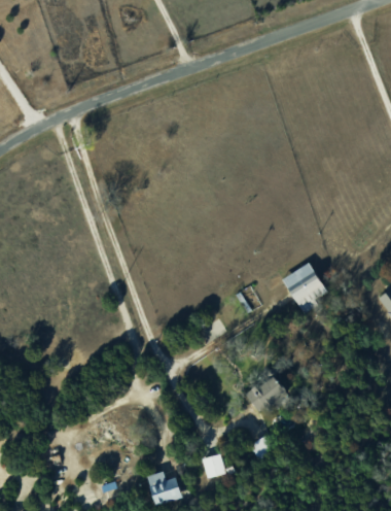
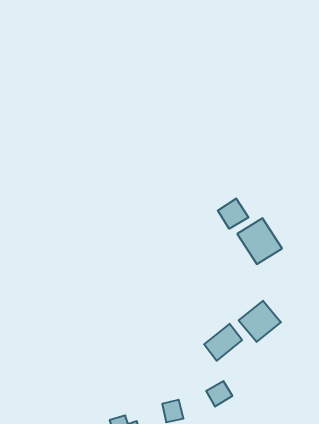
building: none -> [218,198,248,229]
building: none -> [239,301,281,342]

